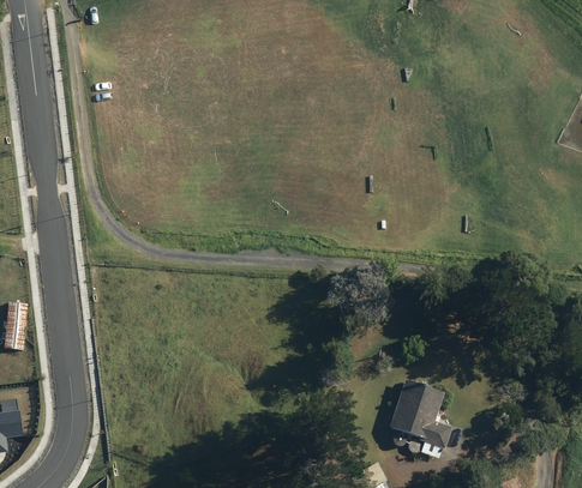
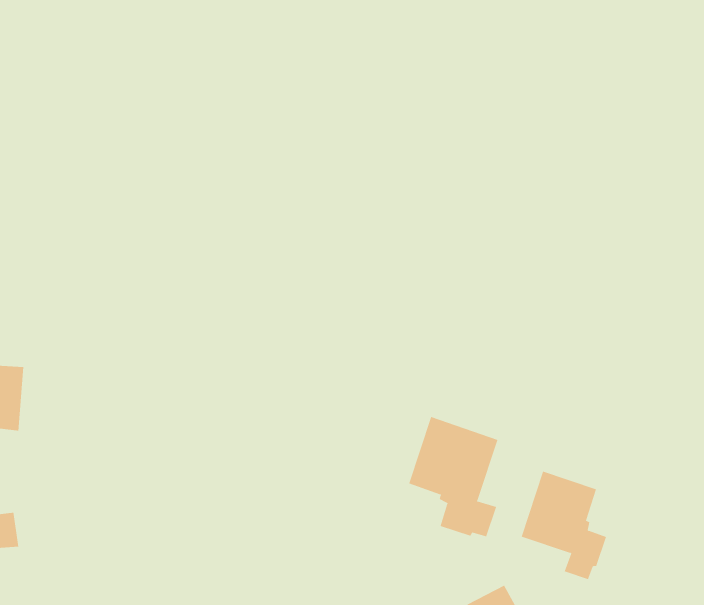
building: none -> [408,416,498,537]

